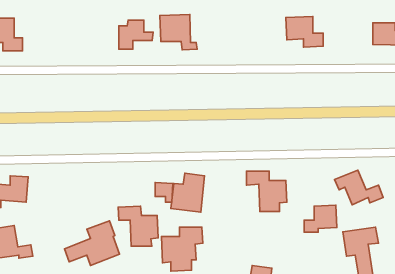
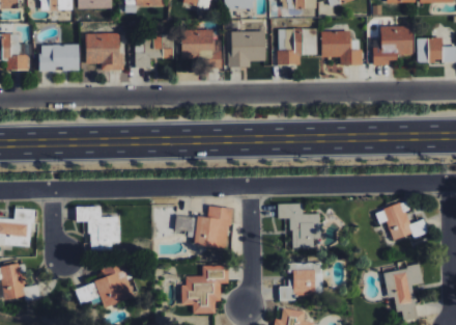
building: none -> [372,25,412,64]
building: none -> [278,29,316,65]
building: none -> [229,31,265,67]
building: none -> [83,34,123,71]
building: none -> [39,45,78,72]
building: [304,205,337,232] -> [279,270,315,300]
building: [118,206,158,246] -> [75,207,119,251]

